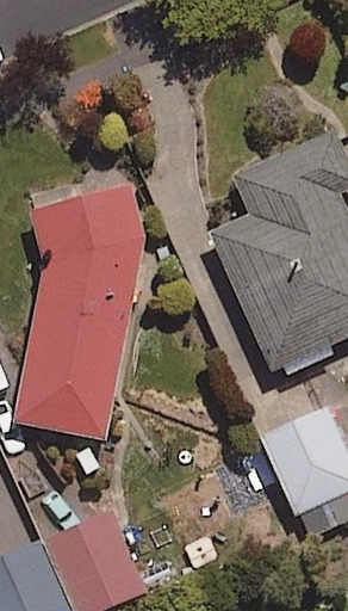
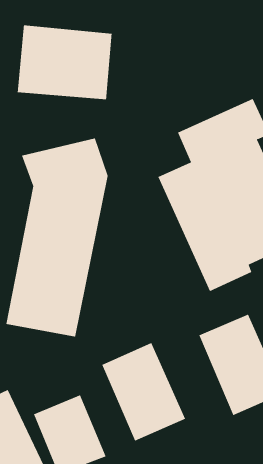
building: none -> [17,24,112,100]
building: none -> [102,342,186,441]

